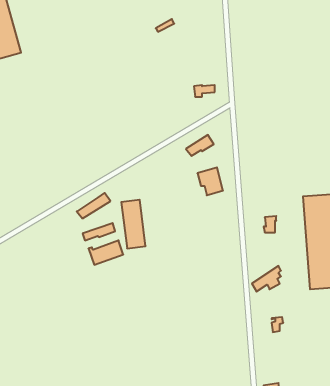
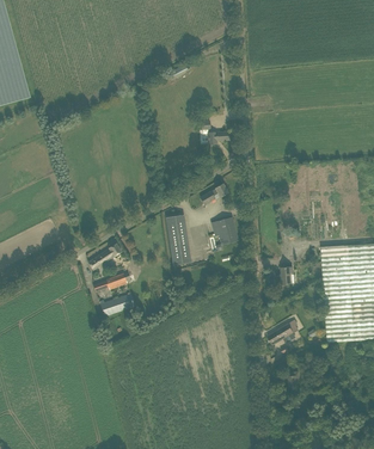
building: [121,200,146,248] -> [165,213,190,263]

